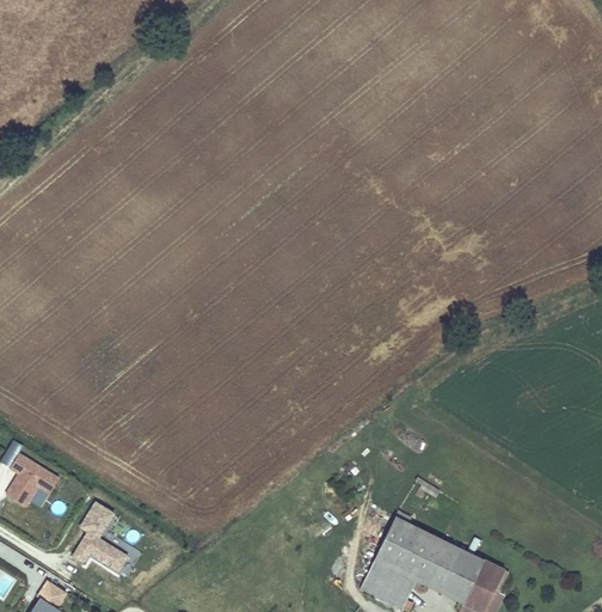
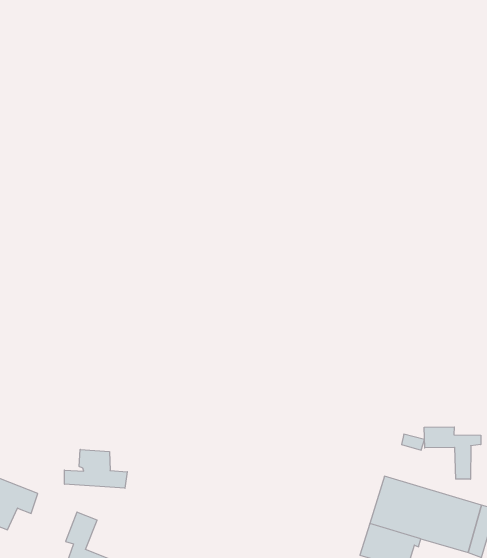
building: none -> [64,449,127,488]
building: none -> [424,427,481,479]

